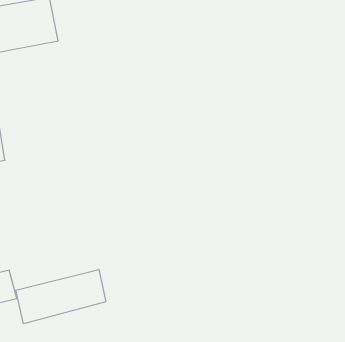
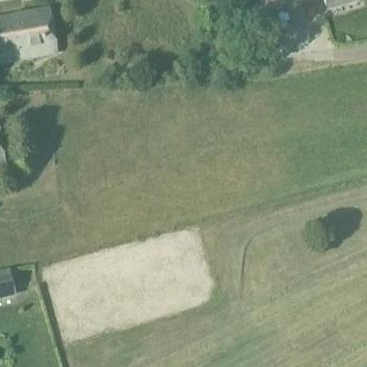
building: [16,269,106,324] -> none

